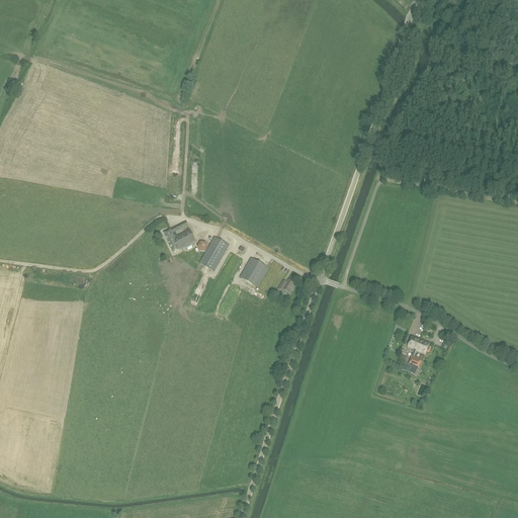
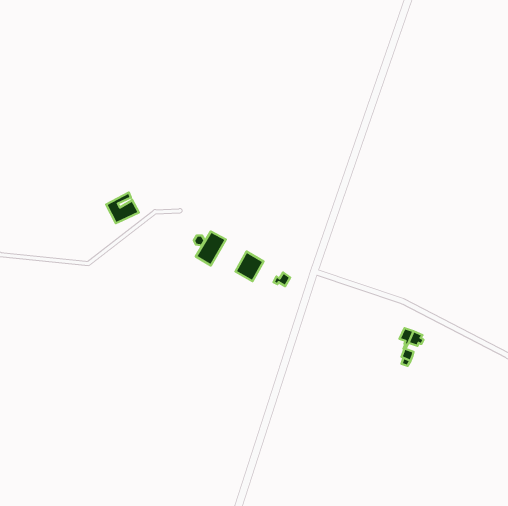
building: [163,220,196,251] -> [106,193,139,223]

